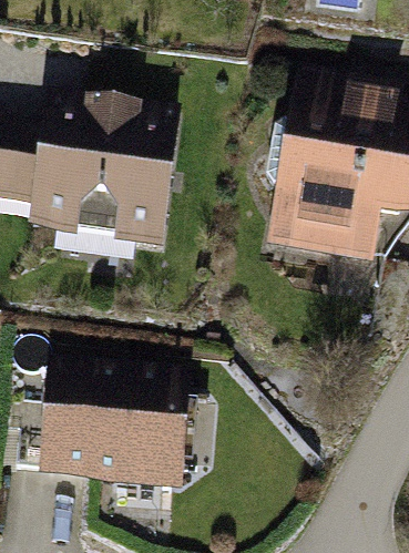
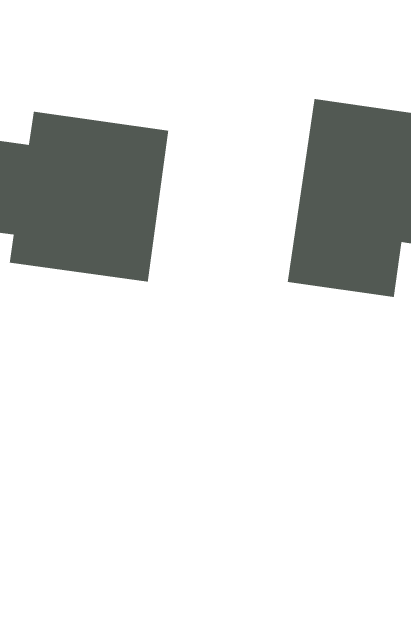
building: [42,379,180,490] -> none

